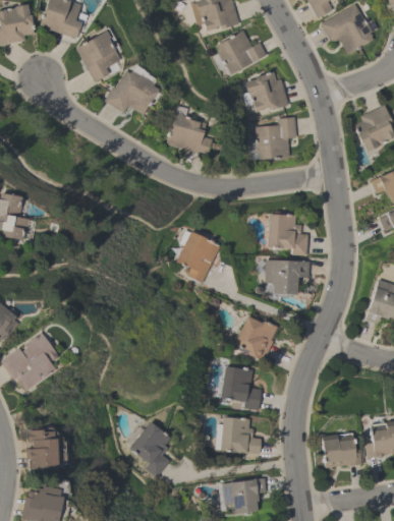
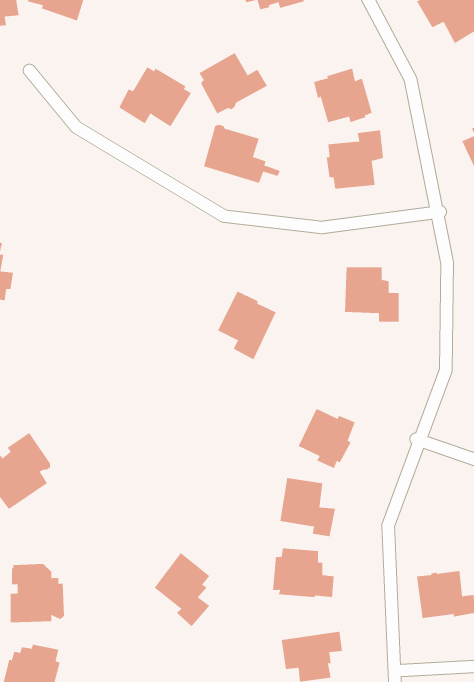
building: [75,27,120,81] -> none
building: [217,30,267,74] -> [199,52,268,114]
building: [266,259,309,294] -> none

